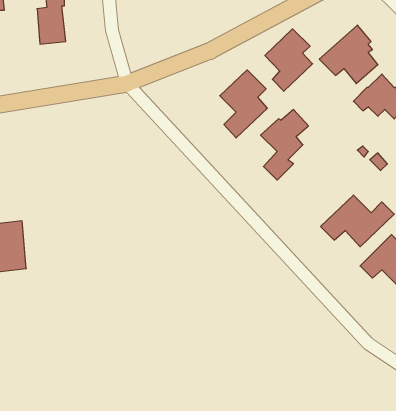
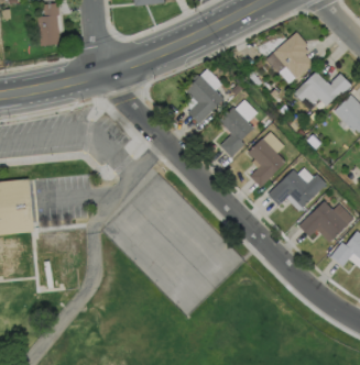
building: [265,29,313,91] -> none
building: none -> [248,131,285,187]

